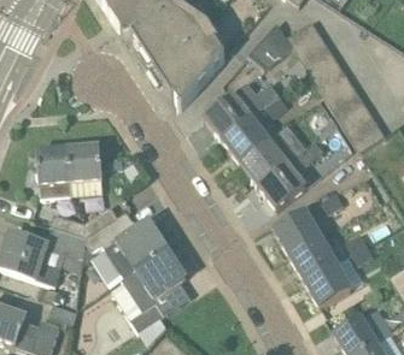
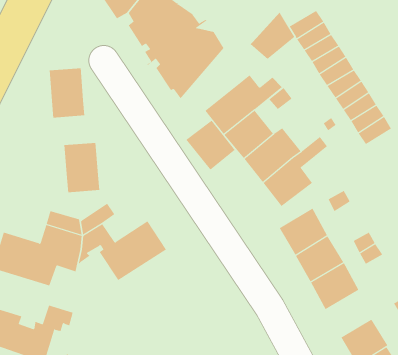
building: none -> [185,120,235,170]
building: [37,149,72,197] -> [49,68,85,118]
building: [111,249,186,331] -> none

